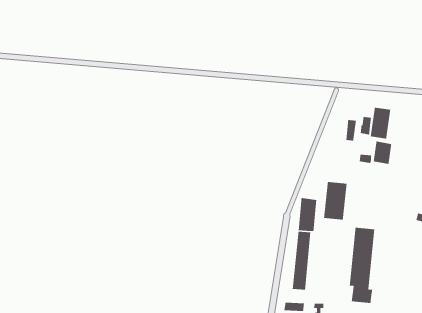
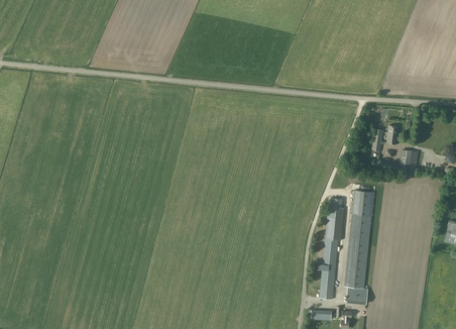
building: [370,107,391,140] -> none
building: [349,227,375,304] -> [344,227,370,304]

